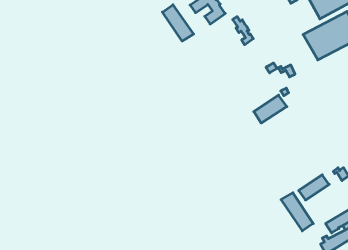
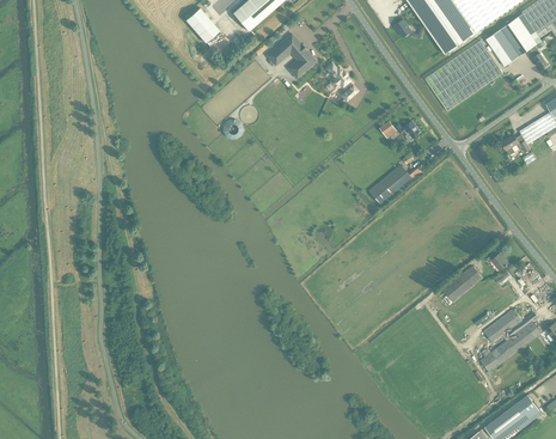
building: [162,5,194,41] -> none
building: [281,193,313,231] -> none

